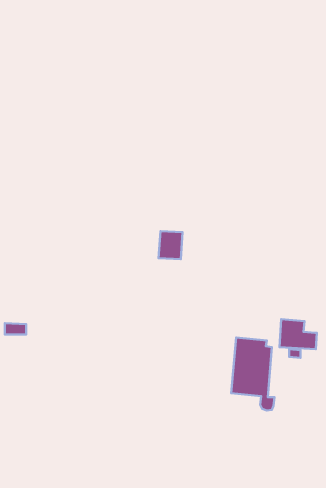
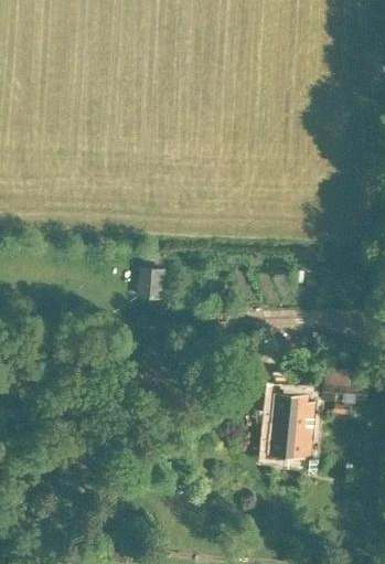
building: [159,231,183,259] -> [137,268,164,300]

